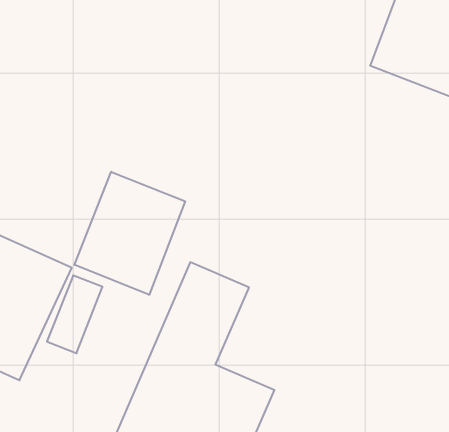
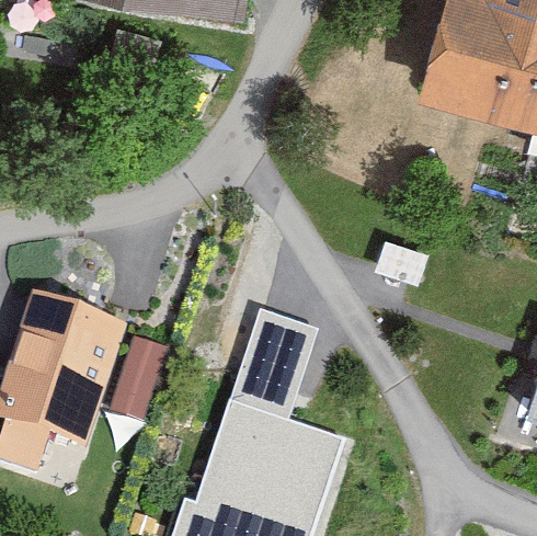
building: [74,172,185,295] -> none

